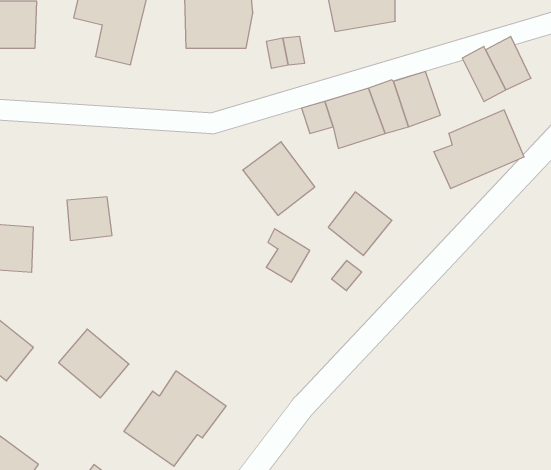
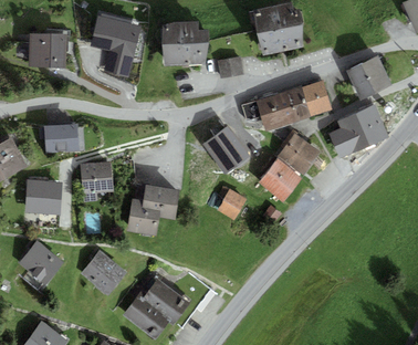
building: none -> [49,125,80,150]
building: none -> [276,134,317,175]
building: none -> [125,184,178,236]

